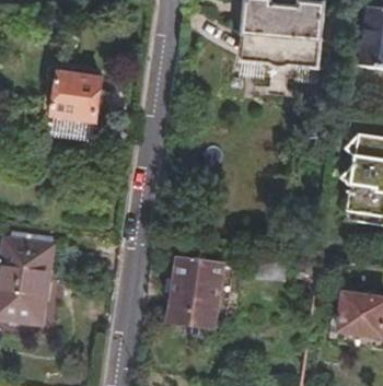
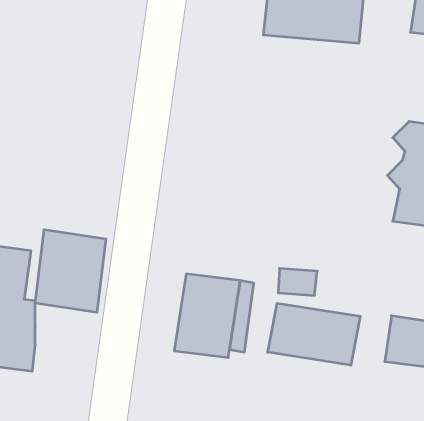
building: [51,71,101,136] -> none
building: none -> [35,230,106,312]
building: none -> [268,303,360,365]

